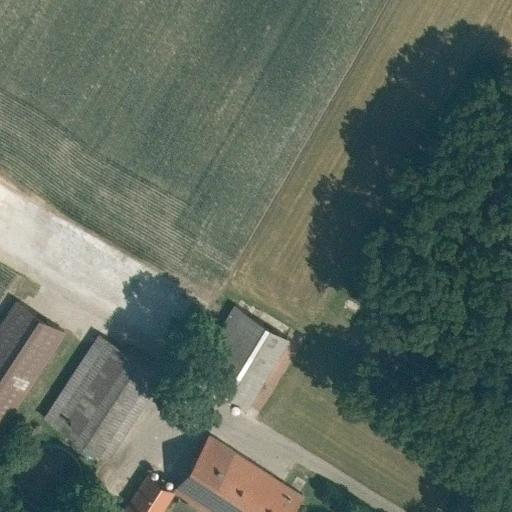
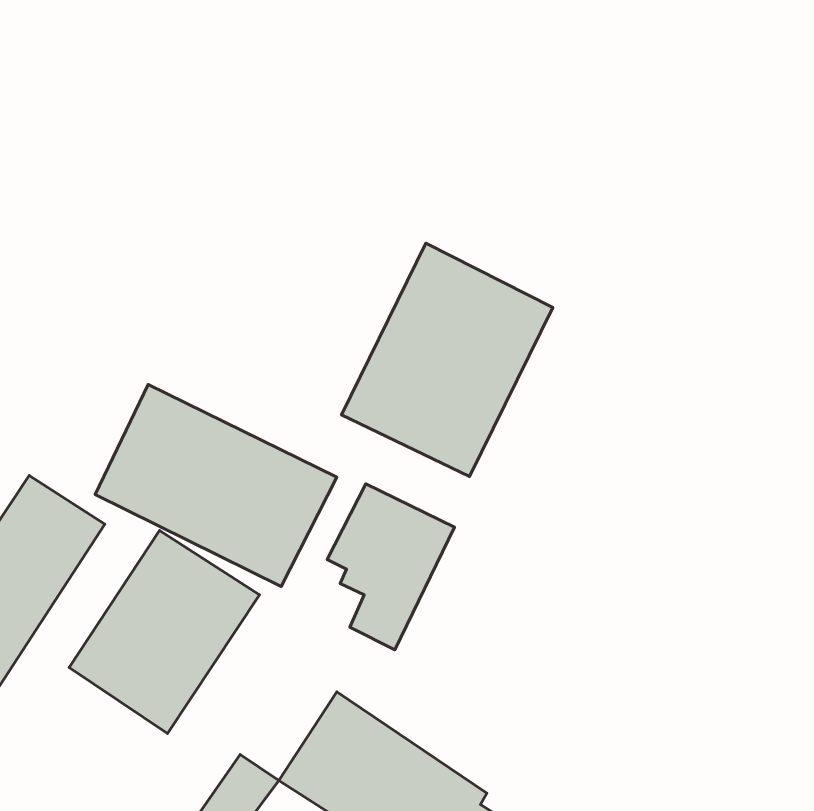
building: none -> [342,243,553,477]
building: none -> [95,385,337,586]

